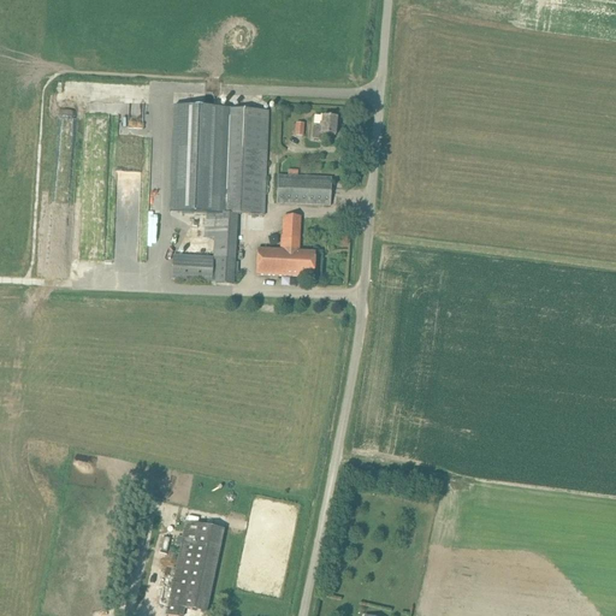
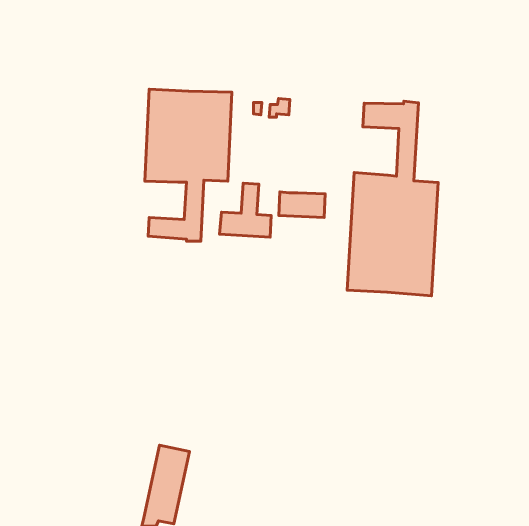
building: none -> [347,101,438,296]
building: [277,173,331,203] -> [279,192,325,218]

